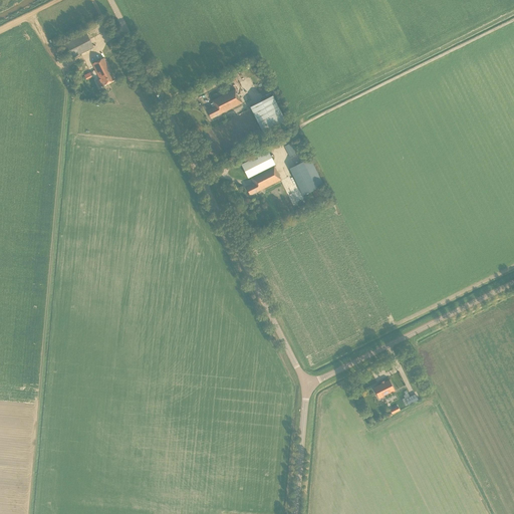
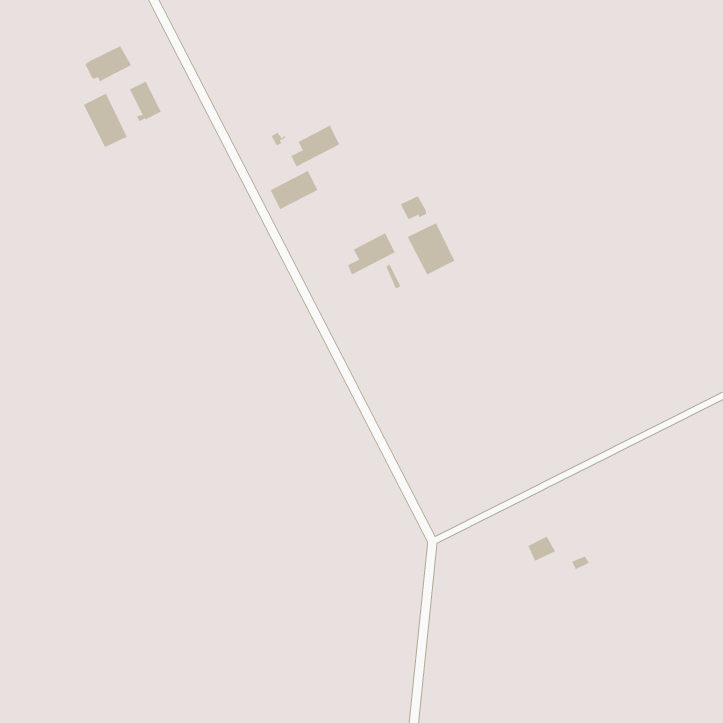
building: none -> [83,93,127,148]
building: [249,95,285,134] -> none
building: [240,150,274,178] -> [270,170,318,210]

